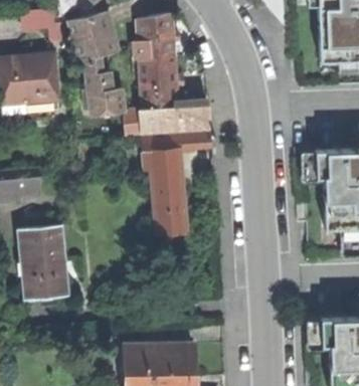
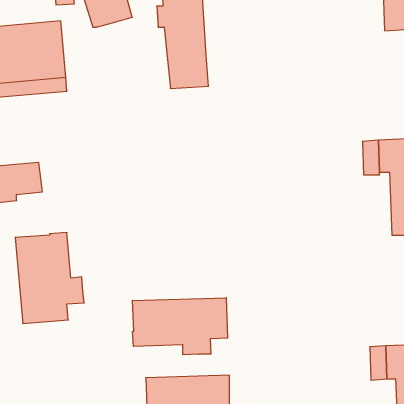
building: [84,54,123,115] -> none
building: [138,105,209,133] -> none
building: [143,133,212,233] -> none
building: none -> [133,298,228,355]

